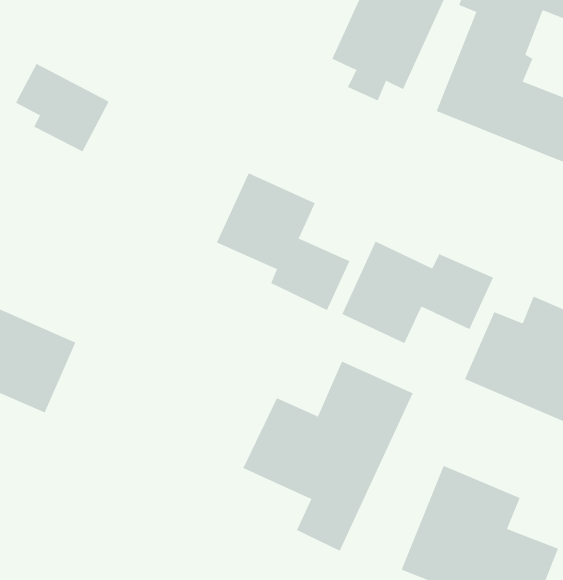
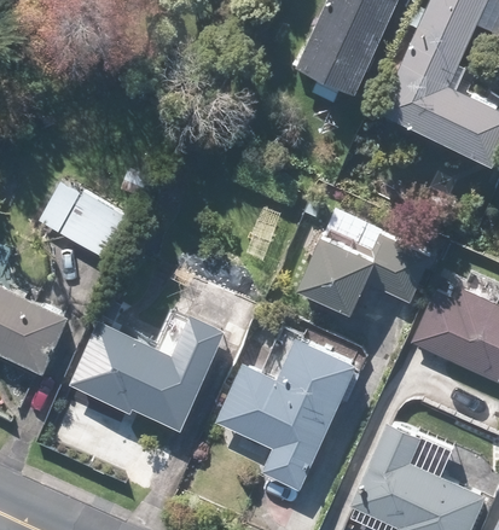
building: [15,63,110,152] -> [45,184,126,260]
building: [216,172,350,311] -> none
building: none -> [71,308,230,430]

